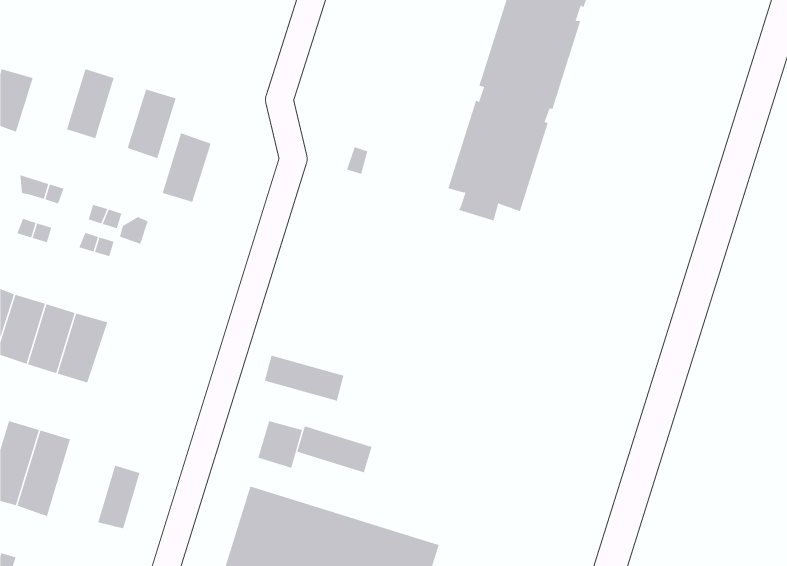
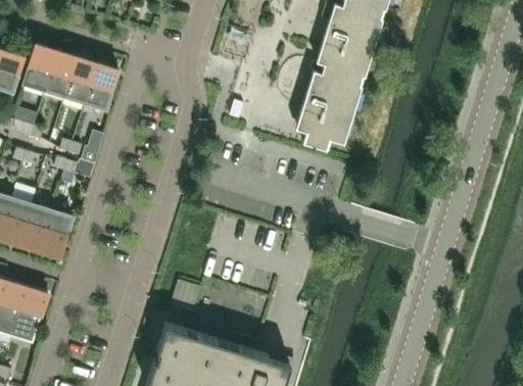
building: none -> [23,43,57,89]
building: [162,133,212,203] -> [64,55,97,101]
building: [264,355,344,402] -> none
building: [296,426,372,473] -> none
building: [98,465,140,529] -> none

